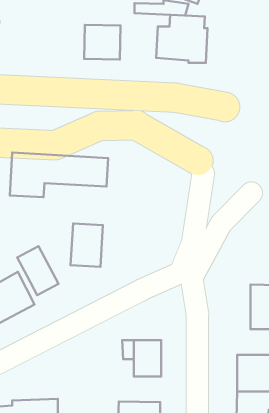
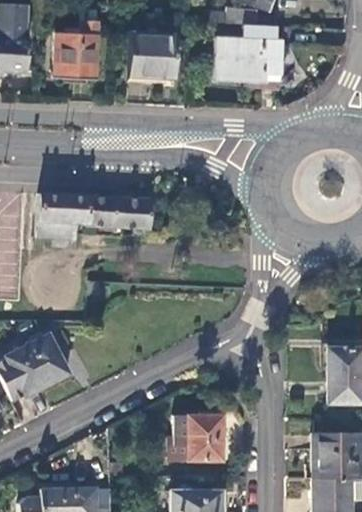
building: none -> [52,24,96,82]
building: [71,224,103,267] -> none
building: [17,246,58,295] -> none

